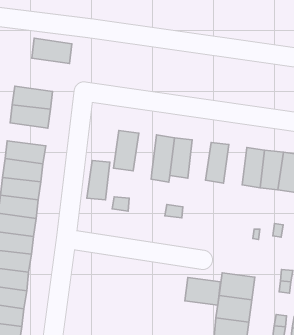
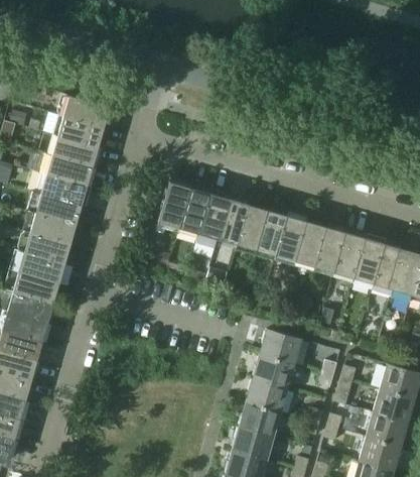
building: [32,38,72,63] -> [62,96,109,129]
building: none -> [45,156,92,188]
building: none -> [237,205,268,251]
building: none -> [275,216,306,262]
building: [87,160,110,200] -> [178,189,209,234]
building: [185,277,221,305] -> [259,330,301,365]

